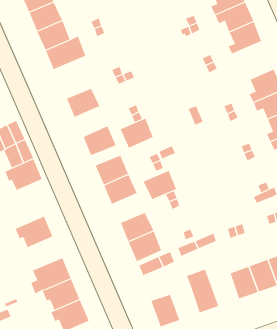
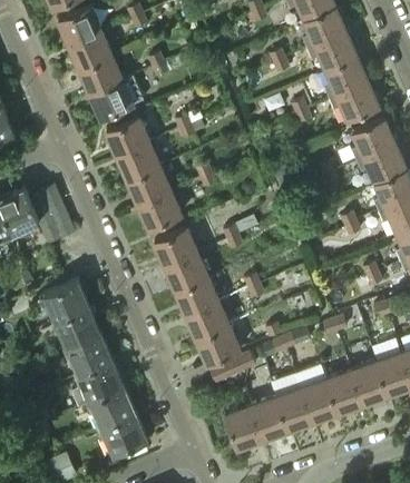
building: none -> [329,82,380,122]
building: none -> [106,117,149,156]
building: [120,118,154,148] -> [127,166,170,205]
building: [4,158,43,191] -> [40,279,89,321]
building: [143,170,177,200] -> [175,277,218,315]
building: none -> [62,333,113,374]
building: none -> [295,365,338,422]
building: none -> [251,397,287,440]

